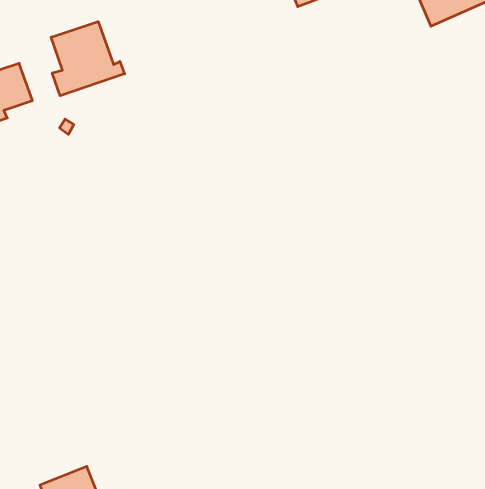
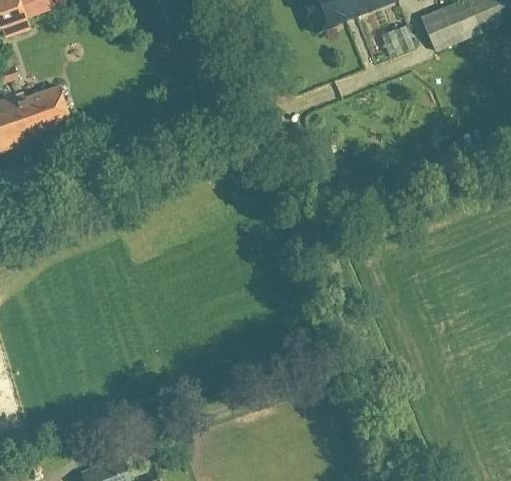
building: [51,22,125,96] -> none

